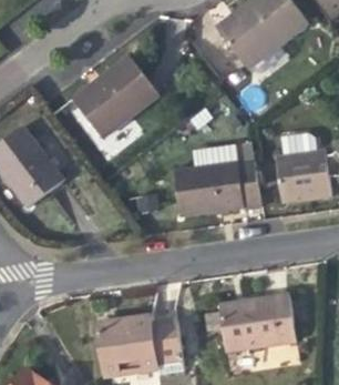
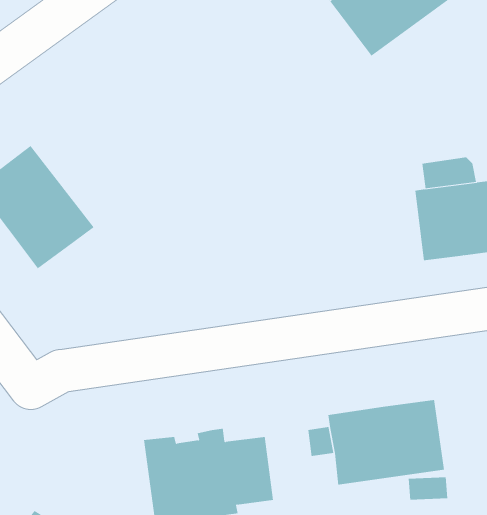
building: [71,57,158,139] -> none
building: [172,158,260,216] -> none

